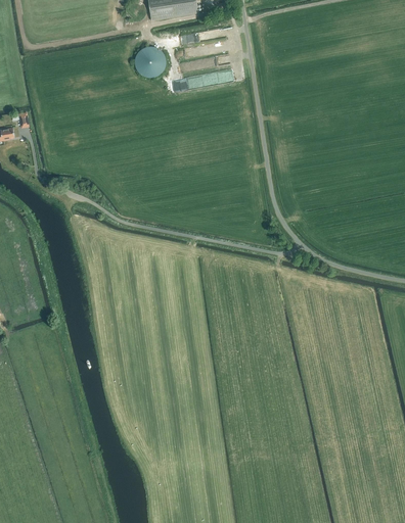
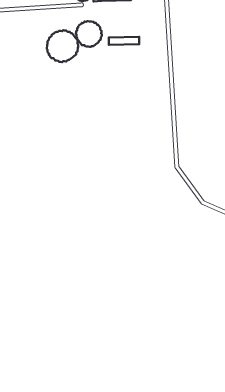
building: none -> [47,30,78,62]

